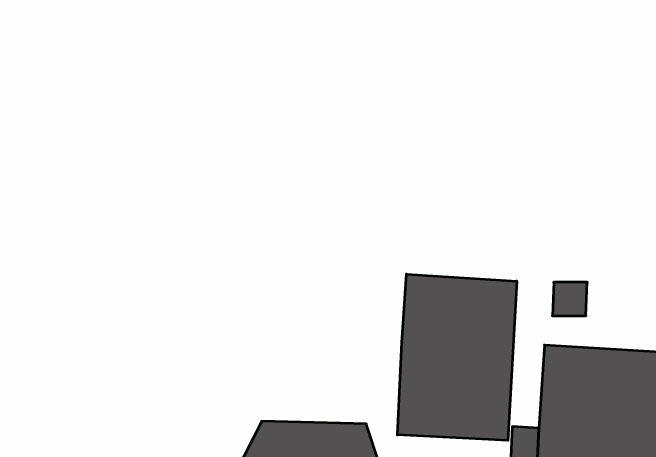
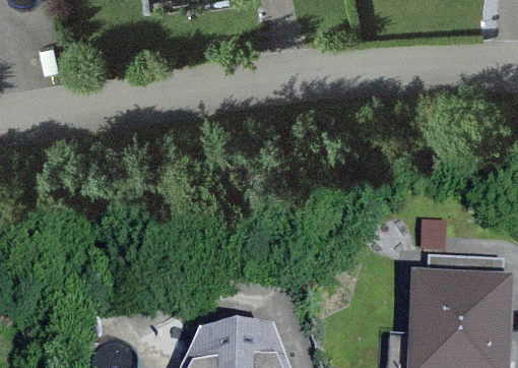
building: [397,274,517,440] -> none

